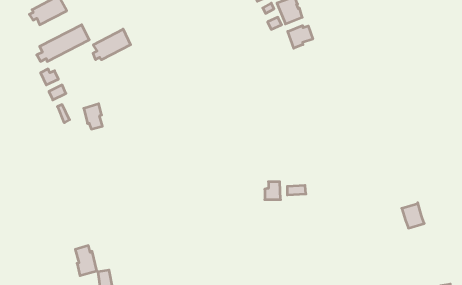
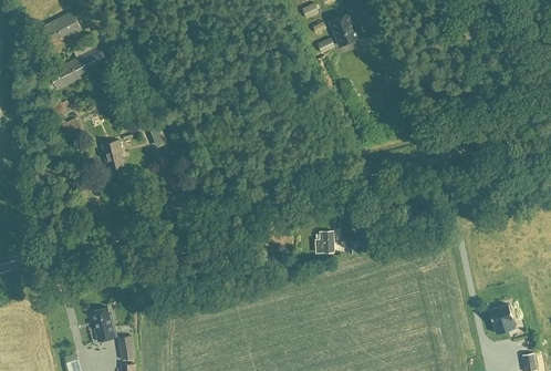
building: [288,26,313,48] -> none
building: [93,29,131,60] -> none
building: [402,203,424,228] -> [488,302,514,332]

